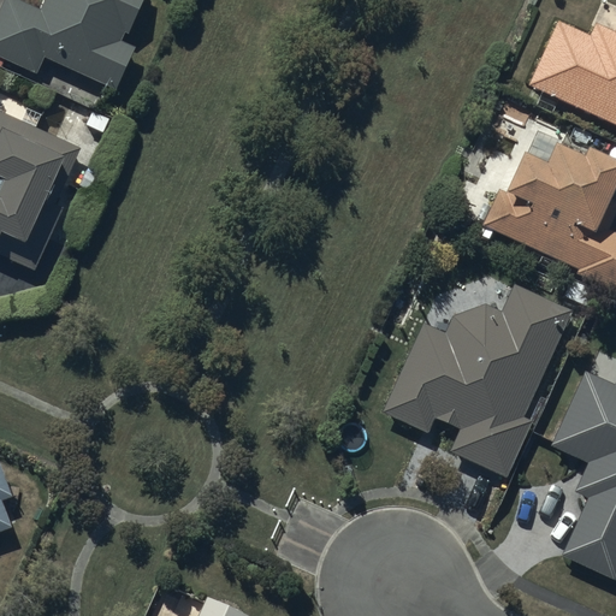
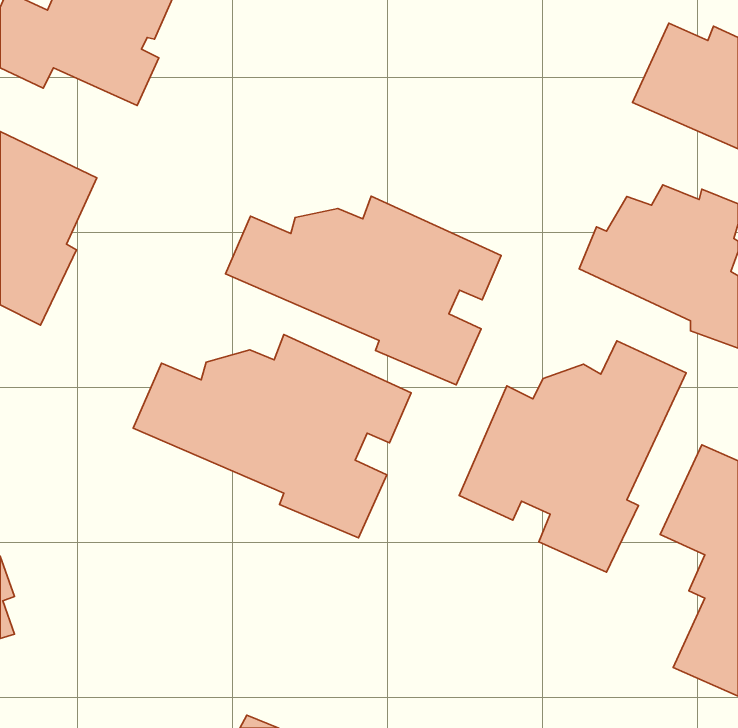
building: none -> [226,196,501,385]
building: none -> [133,335,411,538]

